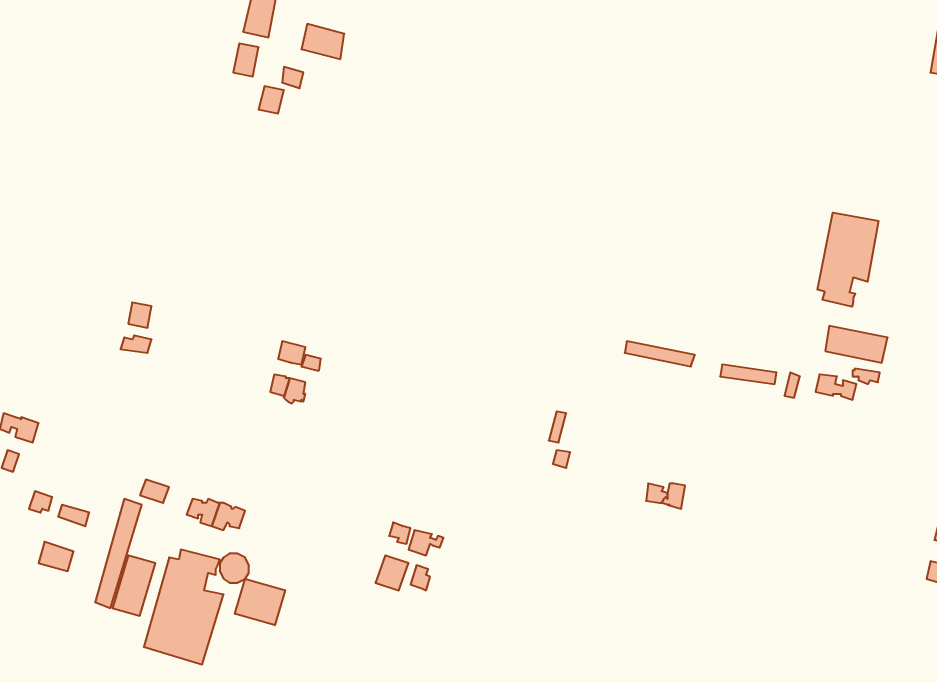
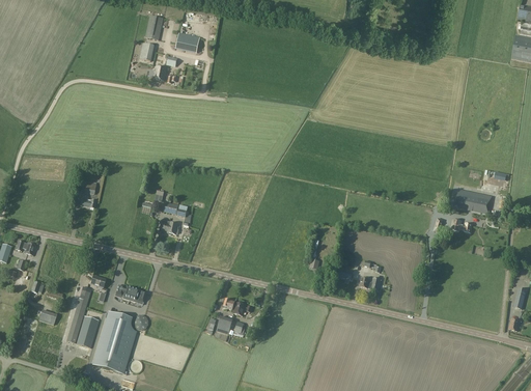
building: [817,213,879,307] -> none
building: [235,579,285,625] -> none

